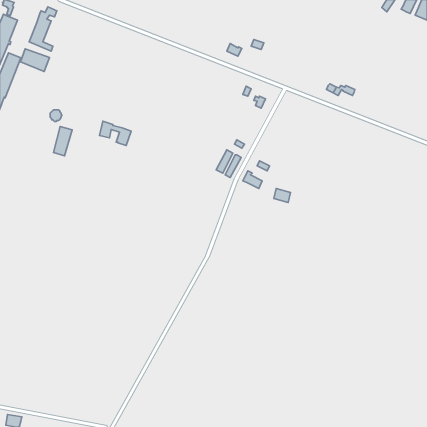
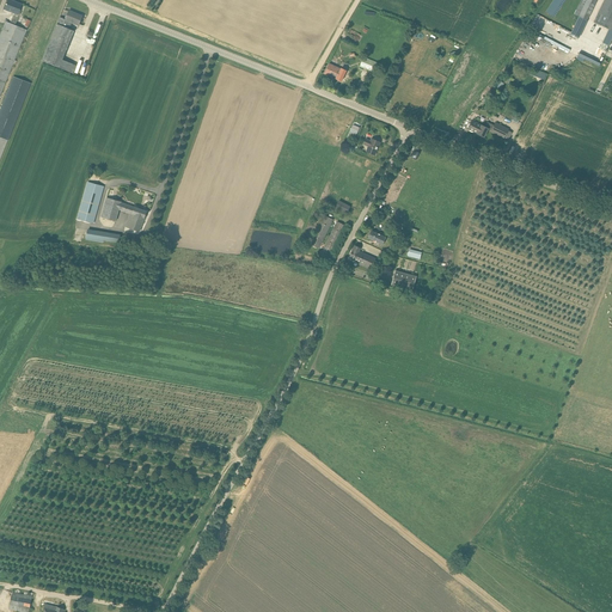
building: [21,49,49,72] -> none
building: [100,121,131,146] -> [100,196,146,231]

